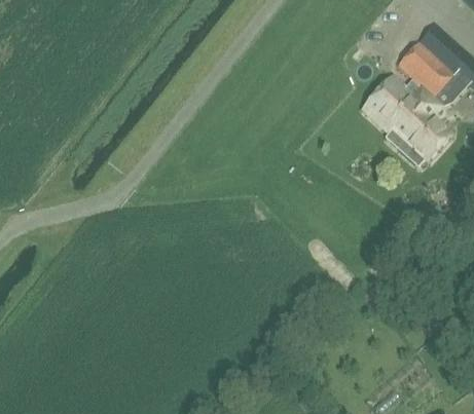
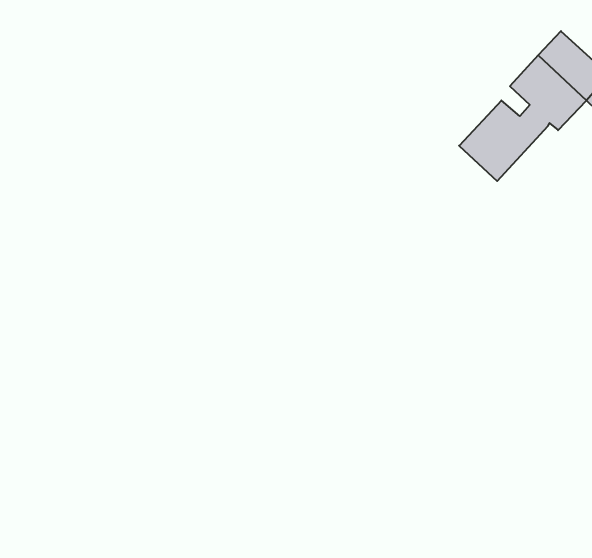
building: [387,96,449,164] -> none

